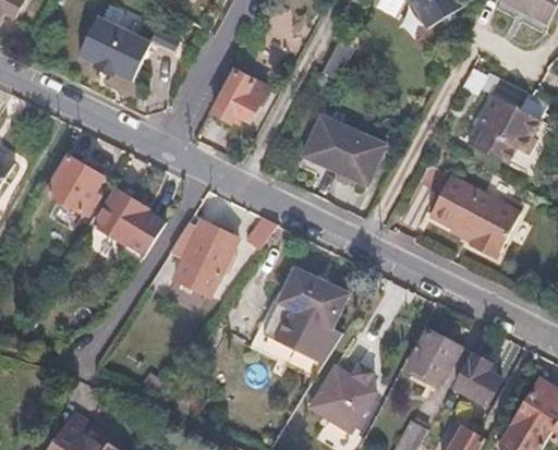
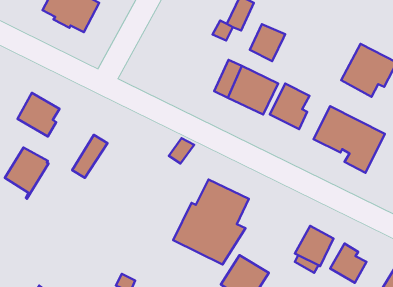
building: none -> [250,24,285,61]
building: [214,72,266,121] -> none
building: none -> [270,83,309,129]
building: [90,191,147,257] -> [5,147,49,199]
building: [169,219,238,295] -> none

